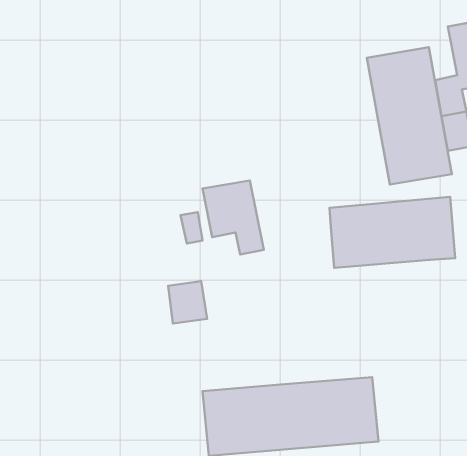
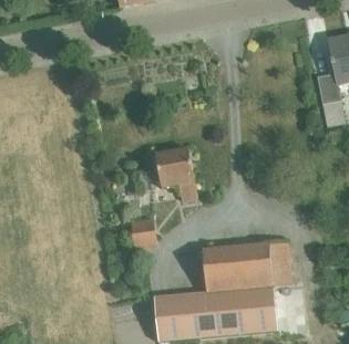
building: [367,47,452,185] -> none
building: [329,197,455,268] -> [203,240,291,290]

